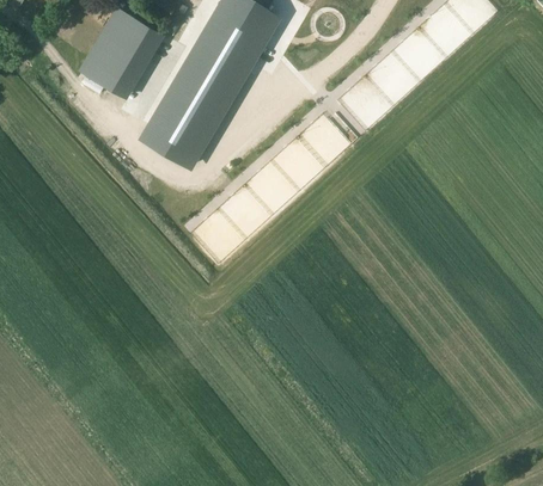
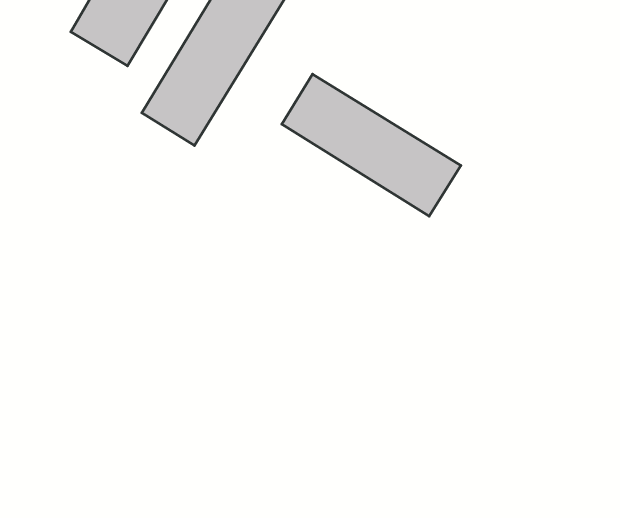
building: none -> [282,74,461,216]

